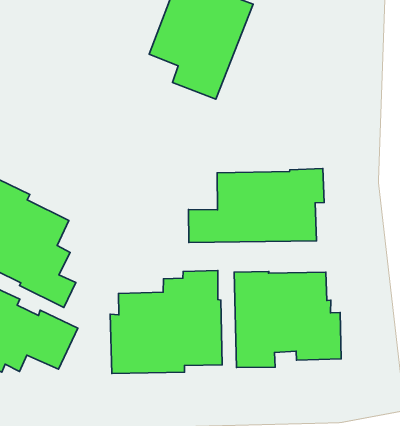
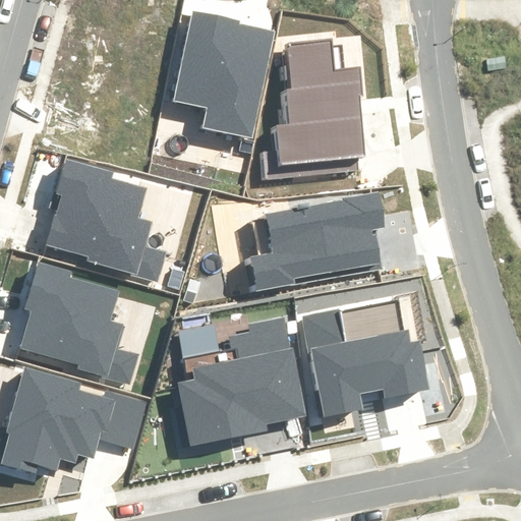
building: none -> [254,40,365,182]
building: none -> [46,158,164,280]

